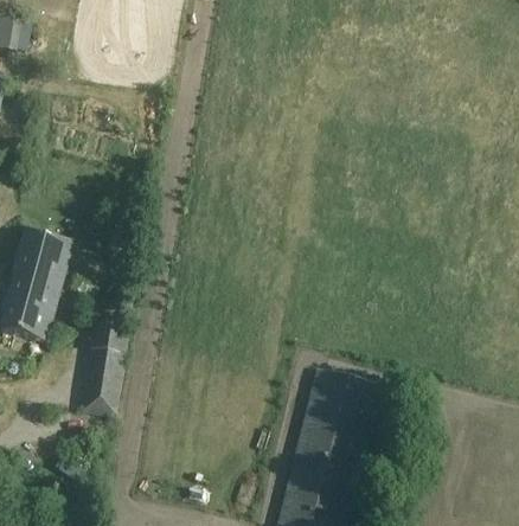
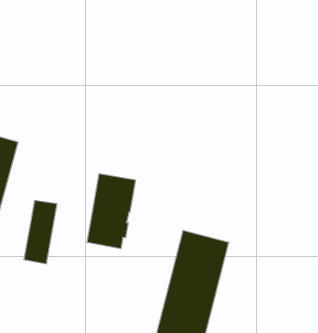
building: none -> [87,174,136,249]

